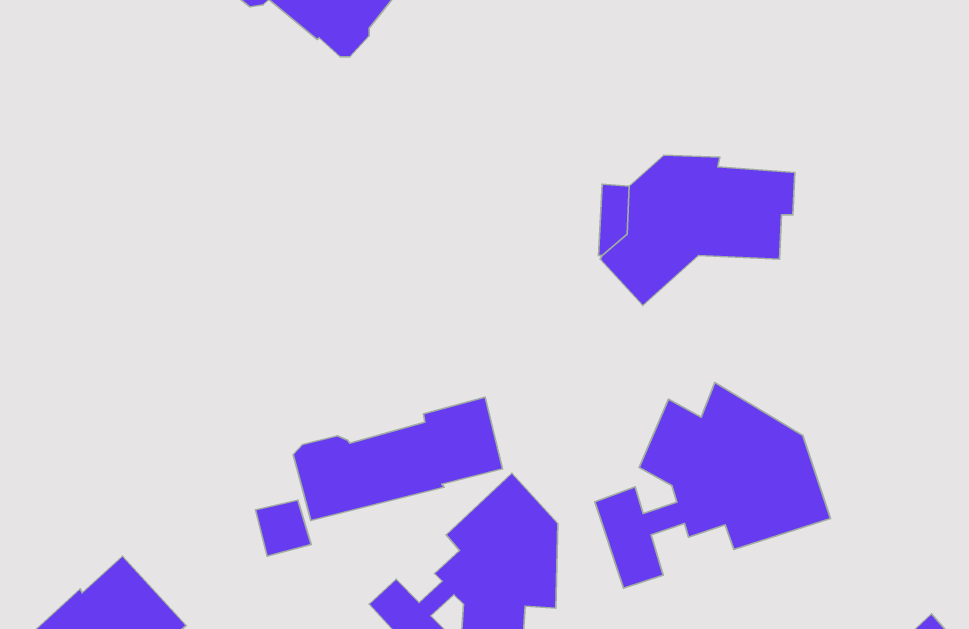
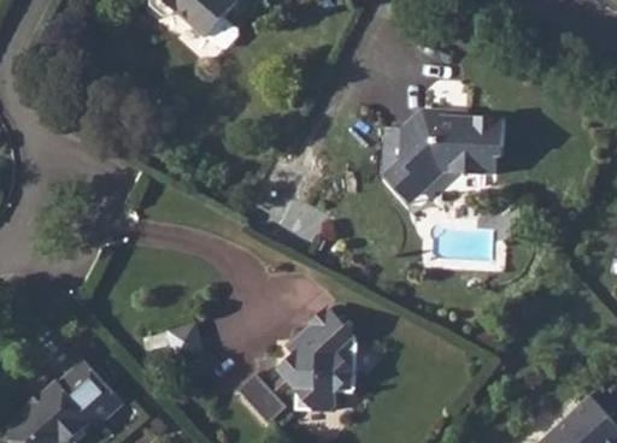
building: [595,382,831,588] -> none
building: [293,397,502,521] -> none

